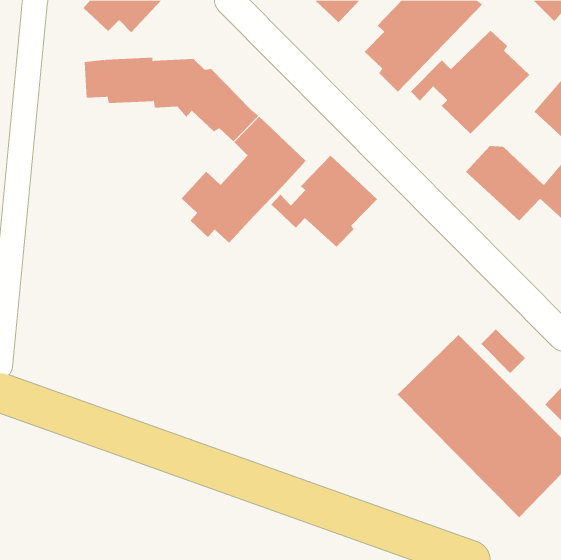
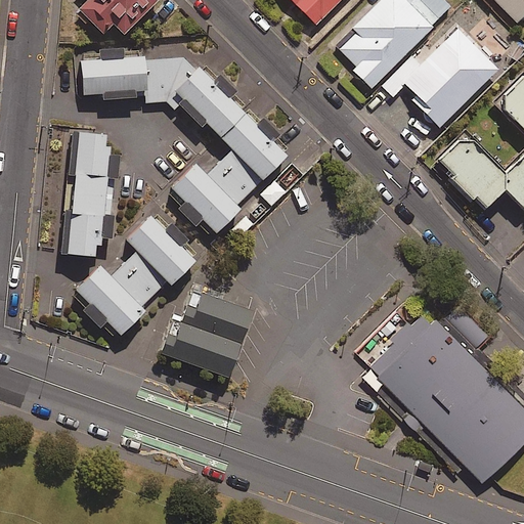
building: none -> [59,130,116,254]
building: [270,155,378,247] -> none
building: none -> [75,215,191,332]
building: none -> [162,295,253,379]

